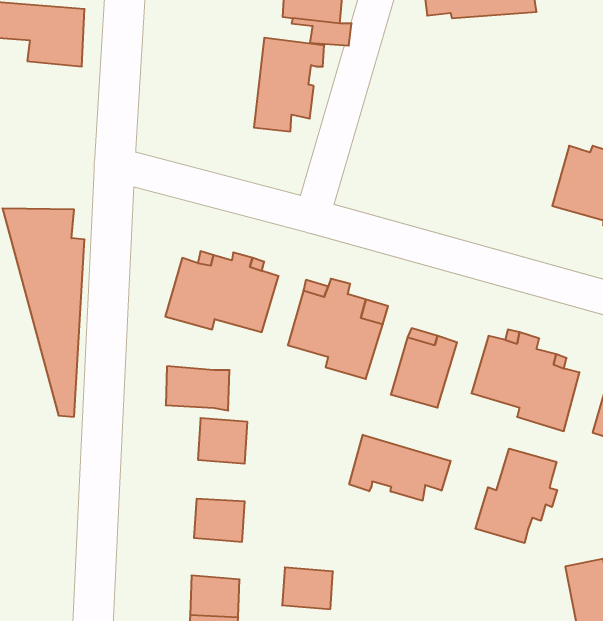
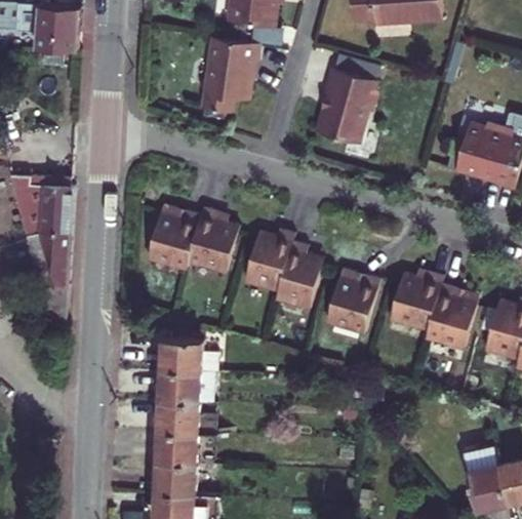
building: none -> [316,68,374,143]
building: [166,366,230,411] -> [168,370,218,405]
building: [349,435,451,501] -> none
building: [475,449,557,543] -> none
building: [282,567,333,609] -> [164,432,204,465]

